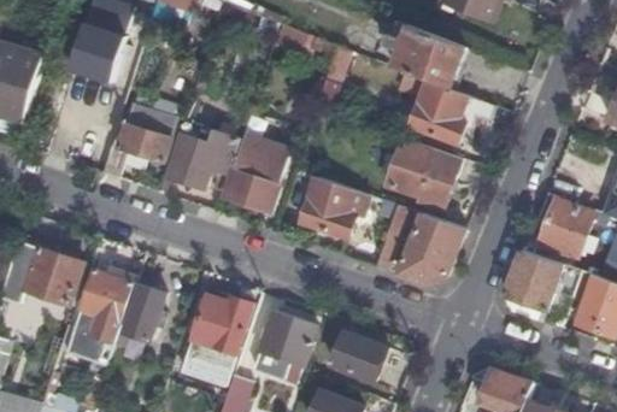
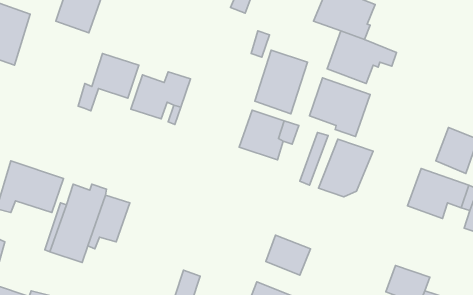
building: [223,133,288,211] -> [255,50,307,114]
building: [186,295,251,367] -> none
building: [254,311,315,382] -> none

